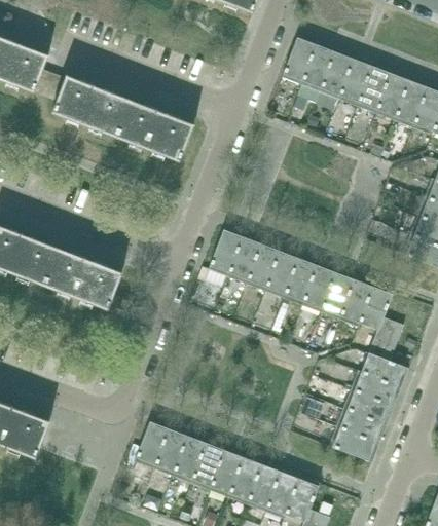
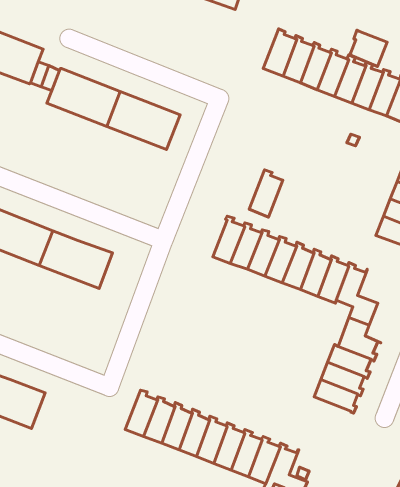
building: none -> [350,30,387,66]
building: [208,226,244,276] -> [249,170,283,217]
building: [329,425,375,461] -> none

